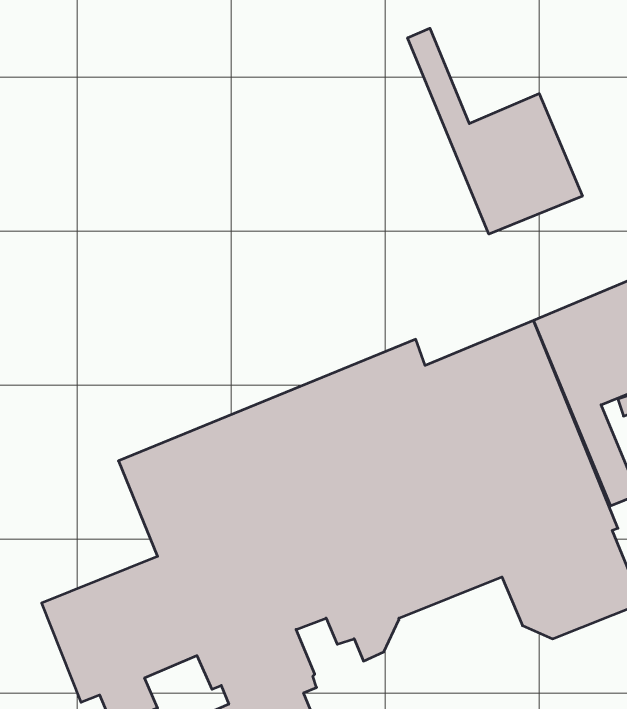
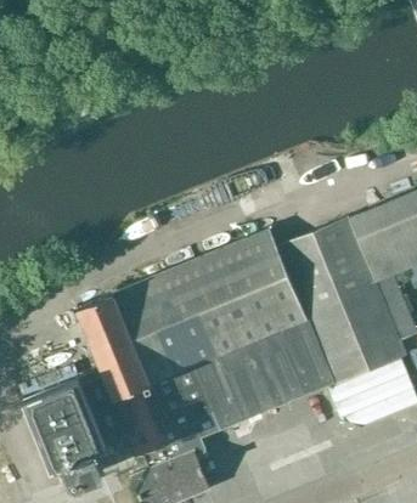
building: [408,28,582,234] -> none

